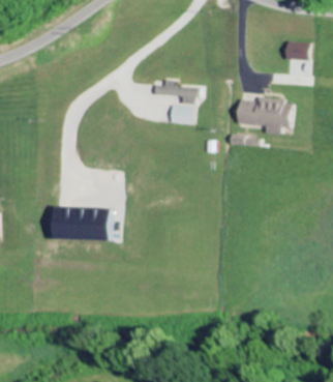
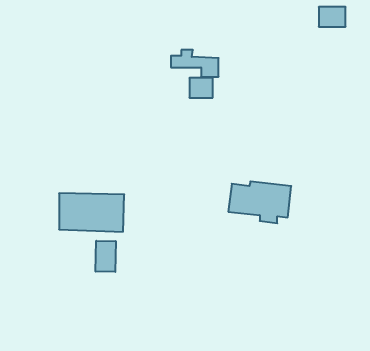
building: [238,96,294,134] -> [228,181,291,223]
building: none -> [96,241,116,272]

